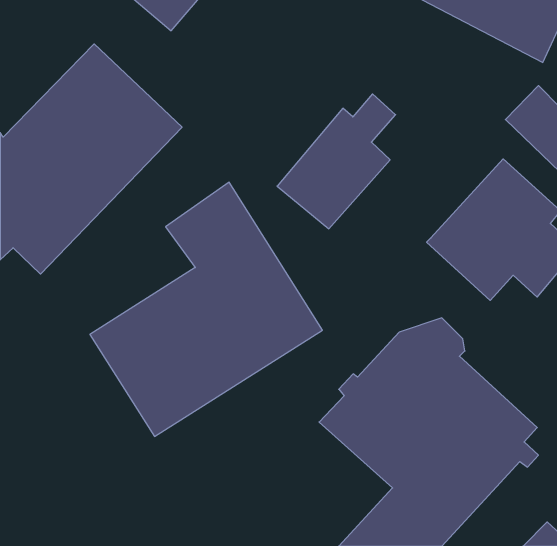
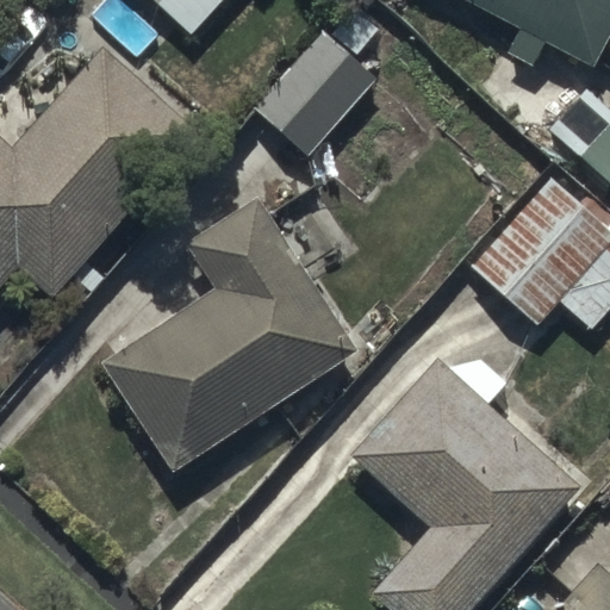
building: [277,94,396,229] -> [253,10,381,156]

